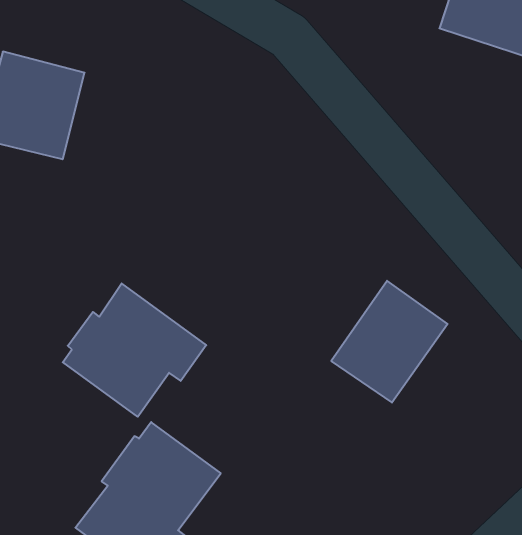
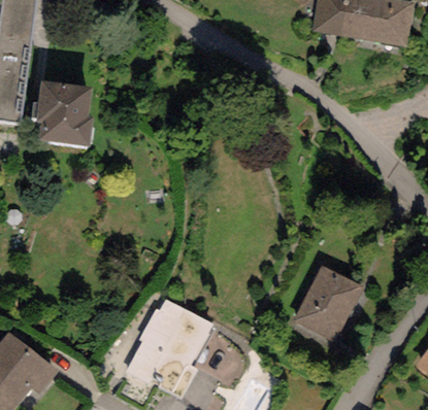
building: [331,281,448,403] -> [293,267,362,342]
building: [63,283,206,417] -> none

